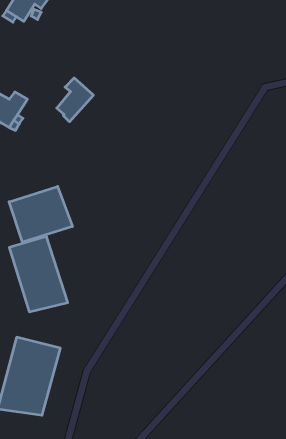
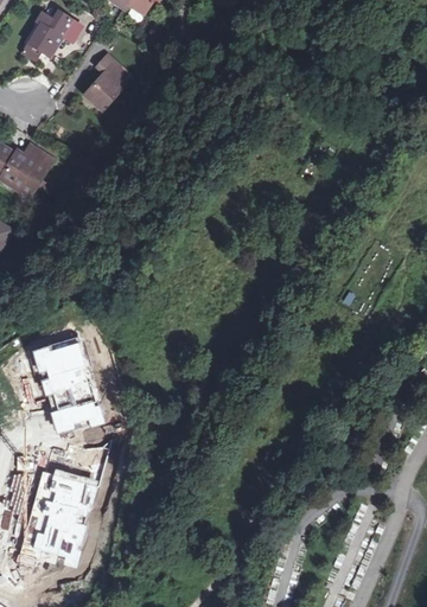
building: [57,78,93,122] -> [84,53,132,110]
building: [9,186,72,242] -> none

